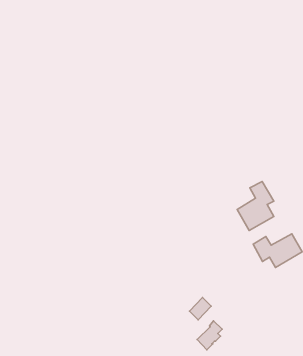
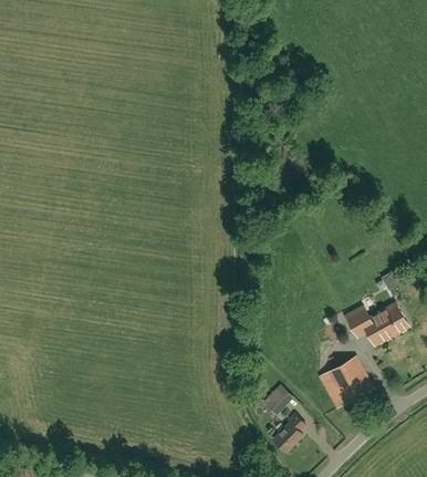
building: [237,181,274,231] -> none
building: none -> [319,355,374,408]

